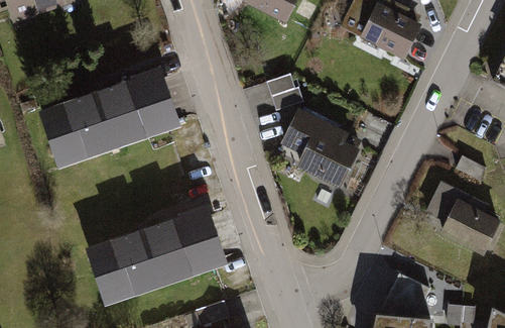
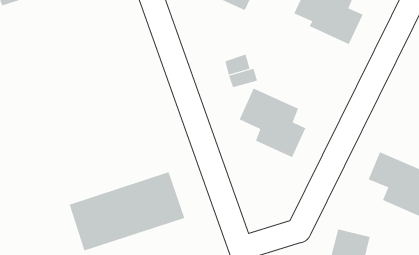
building: [44,70,172,157] -> none

